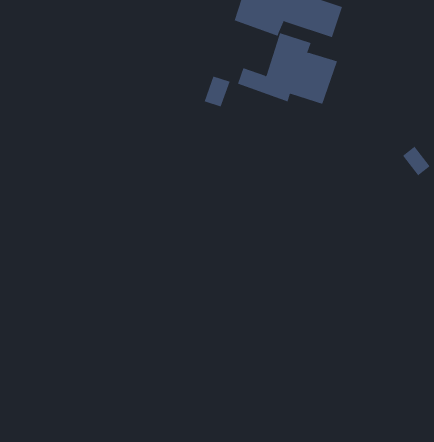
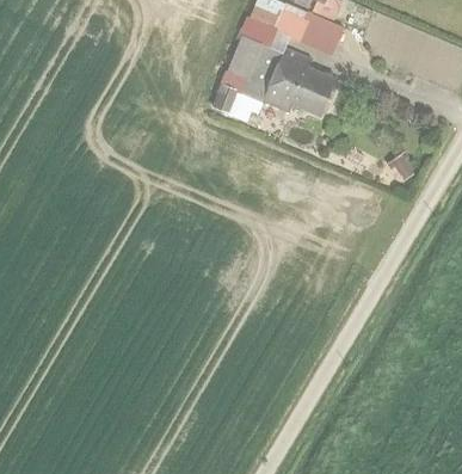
building: none -> [229,36,283,87]

